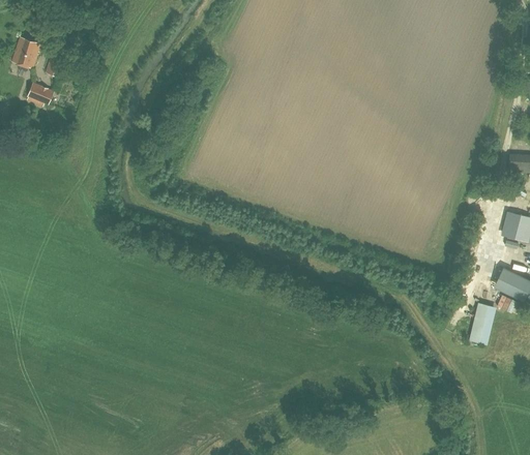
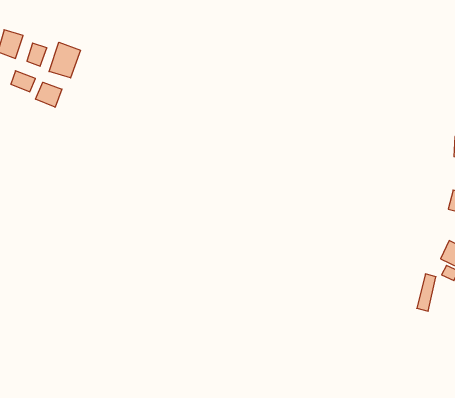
building: none -> [49,42,81,78]
building: none -> [36,82,62,107]

